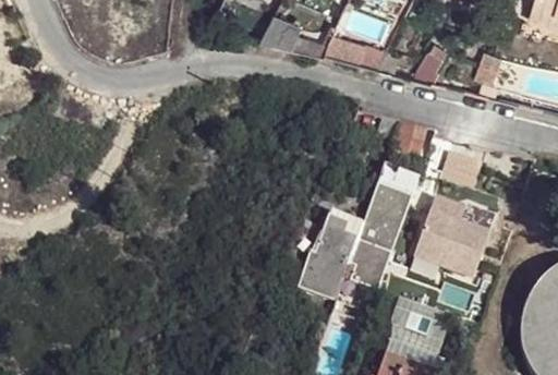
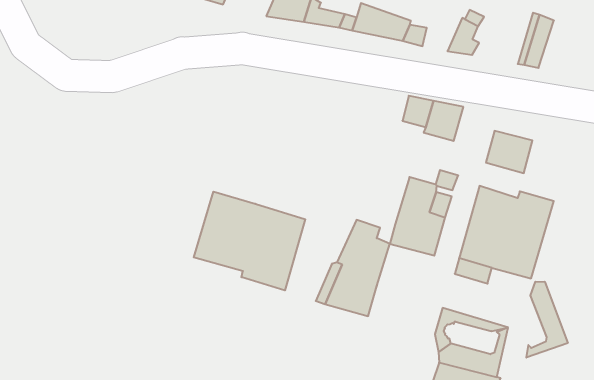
building: none -> [194,192,305,290]
building: [341,240,391,289] -> none
building: none -> [526,282,568,358]

